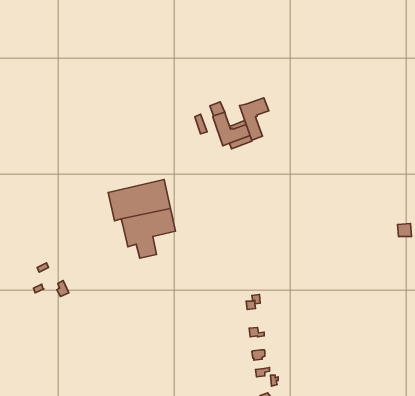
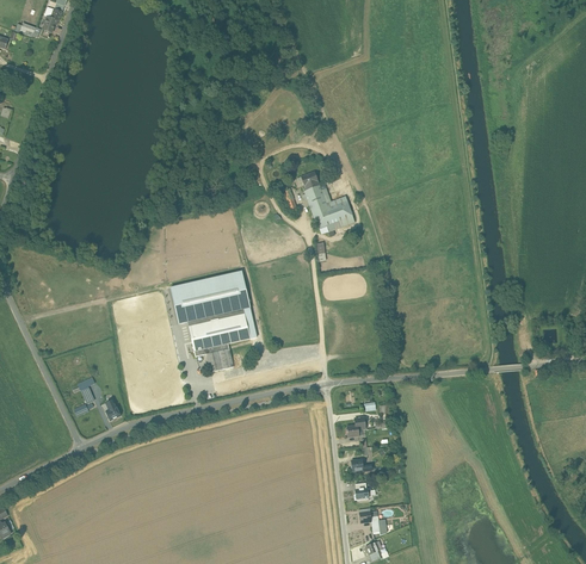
building: [240,98,269,140] -> none

